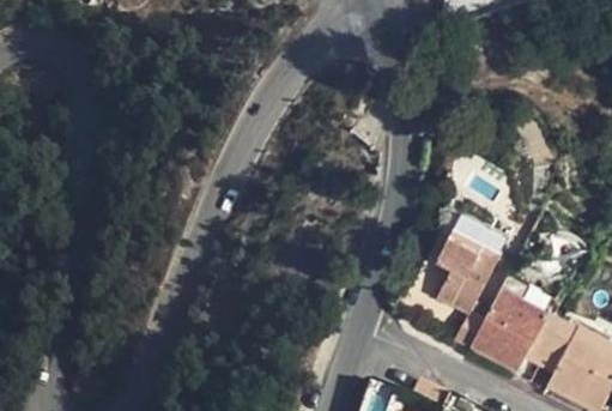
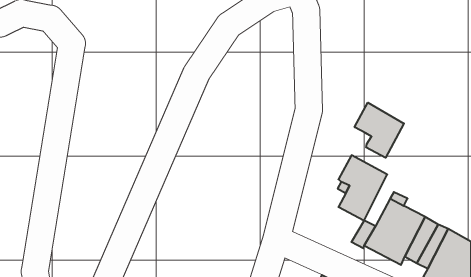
building: none -> [355,103,404,158]

